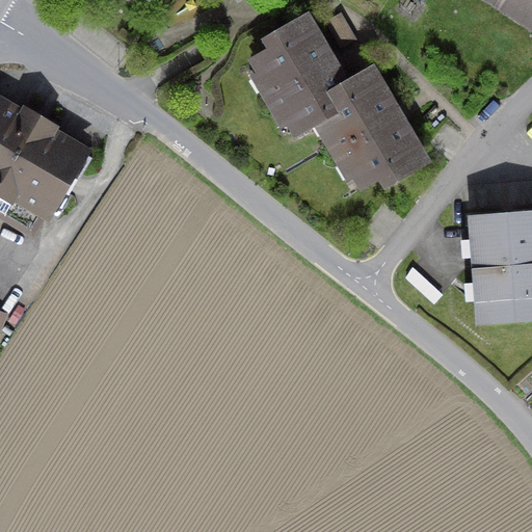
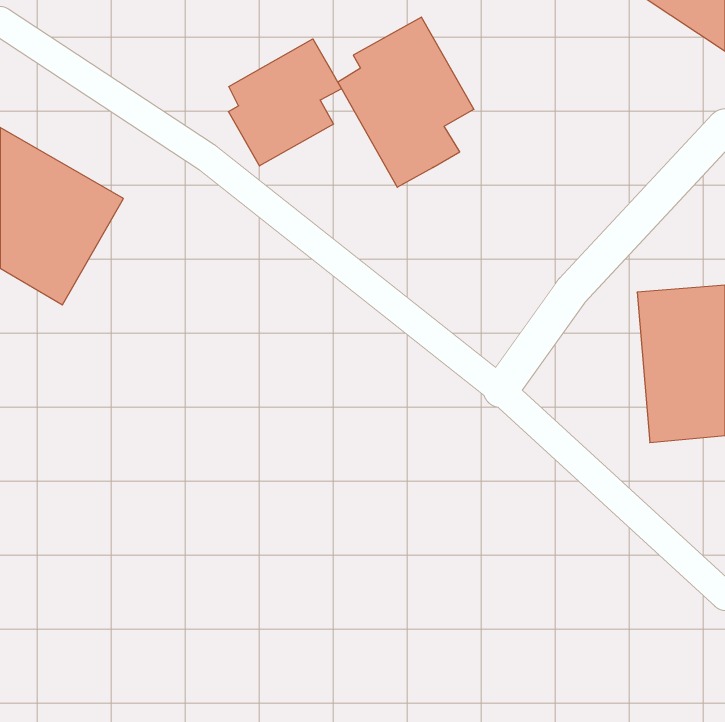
building: none -> [228,39,341,166]
building: [317,65,427,198] -> none

